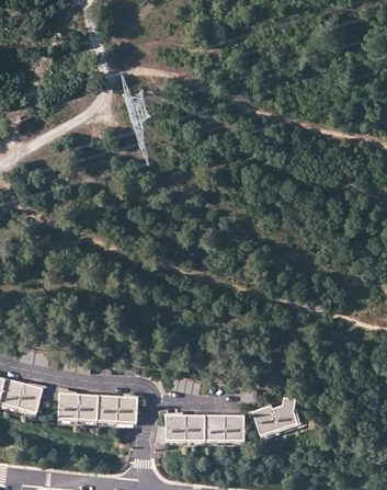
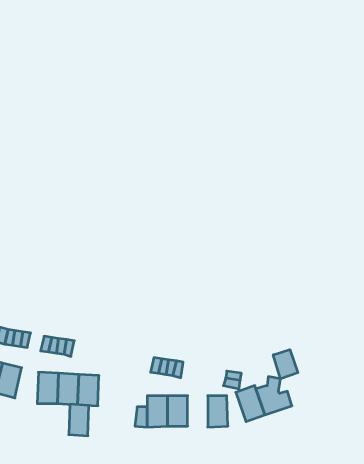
building: none -> [273,350,298,379]
building: [117,395,137,425] -> [69,404,89,436]
building: [205,414,225,445] -> none

